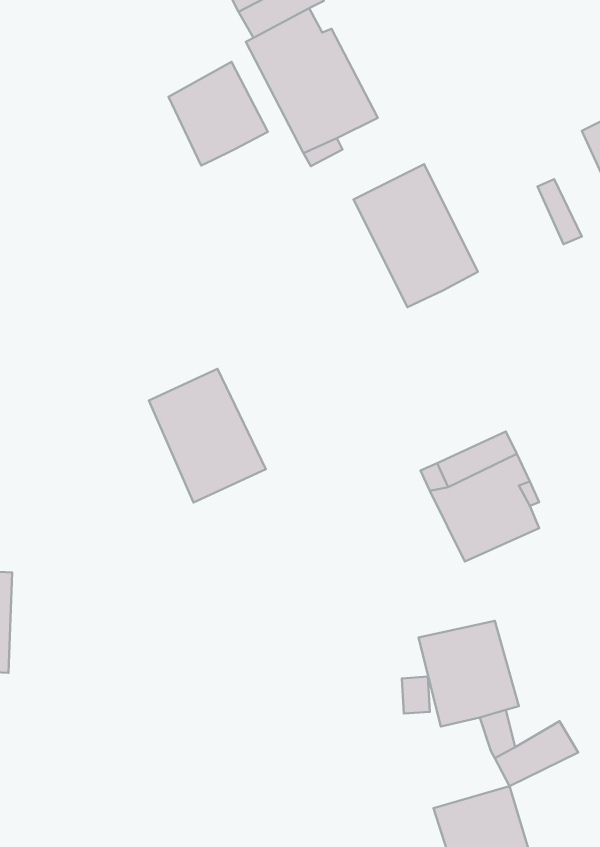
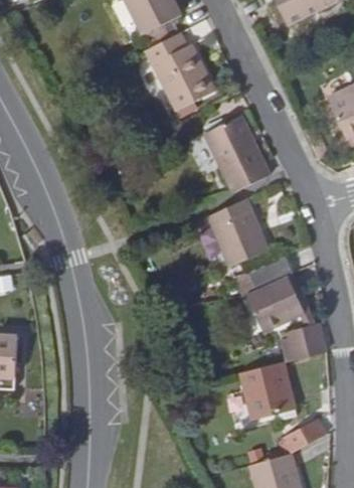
building: [168,62,268,165] -> none
building: [149,369,266,502] -> [207,199,271,272]
building: none -> [277,324,325,361]

